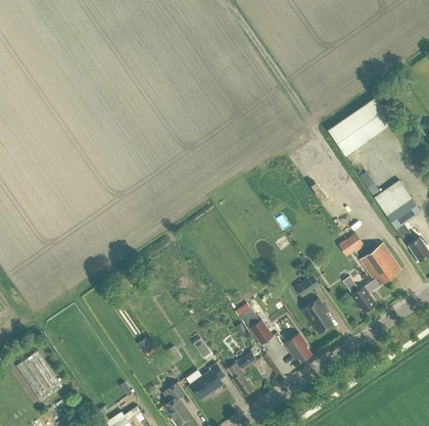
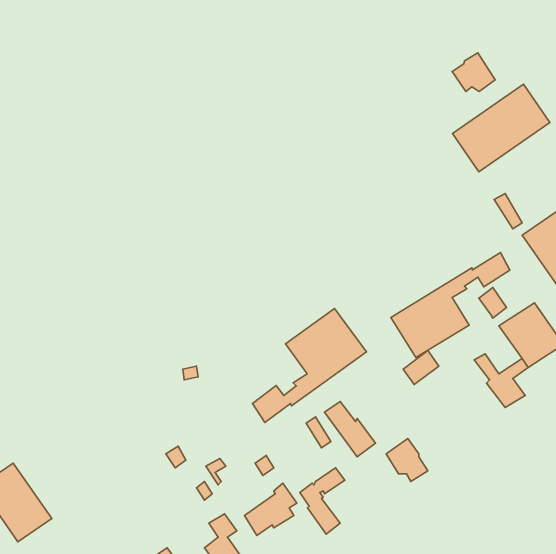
building: none -> [452,53,495,91]
building: none -> [391,252,510,358]
building: none -> [253,309,367,423]
building: [301,298,332,334] -> none

